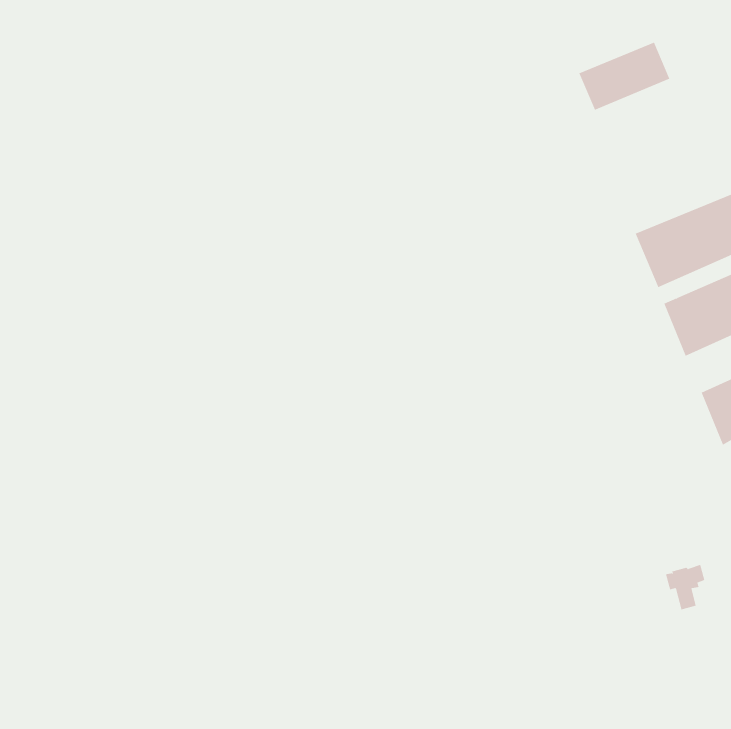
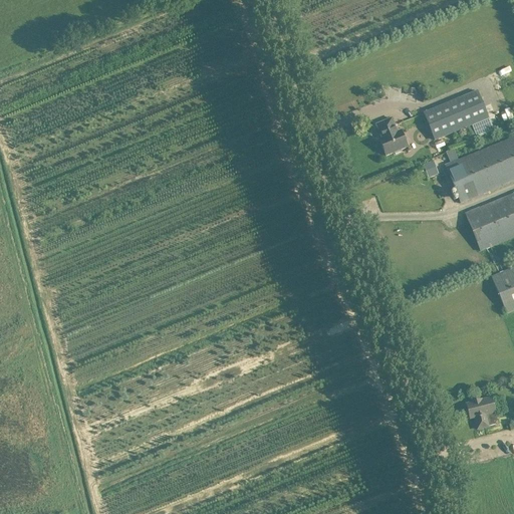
building: [579,42,670,110] -> [425,90,489,139]
building: none -> [376,116,409,155]

